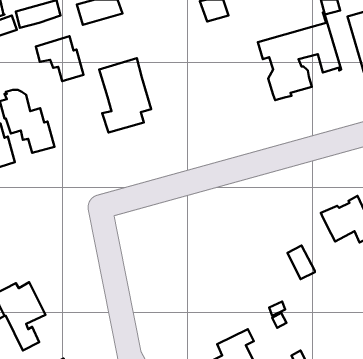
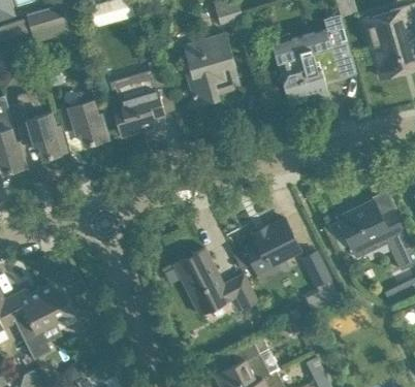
building: none -> [183,34,242,107]
building: [36,36,84,81] -> [59,101,107,147]
building: none -> [244,221,300,273]
building: none -> [173,250,258,317]
building: none -> [40,269,91,323]

